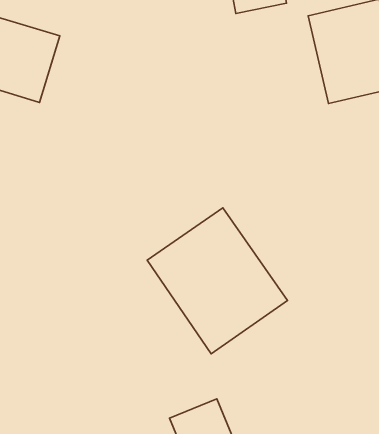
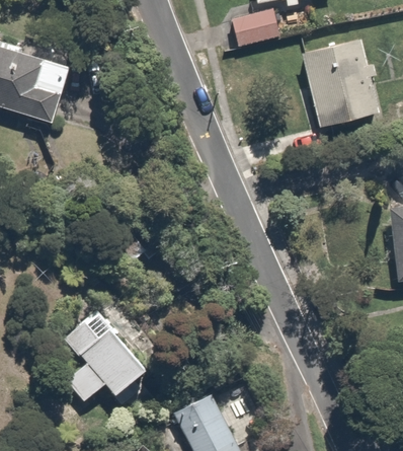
building: [147,208,288,354] -> none
building: none -> [57,308,153,403]

